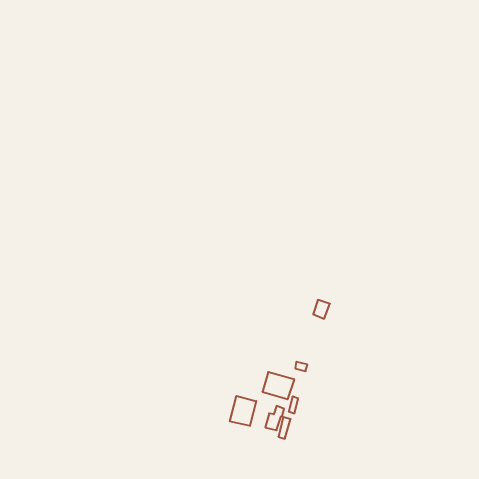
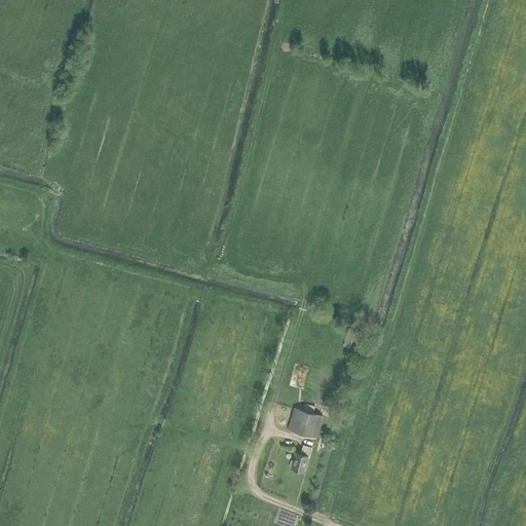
building: [230,396,256,426] -> none

